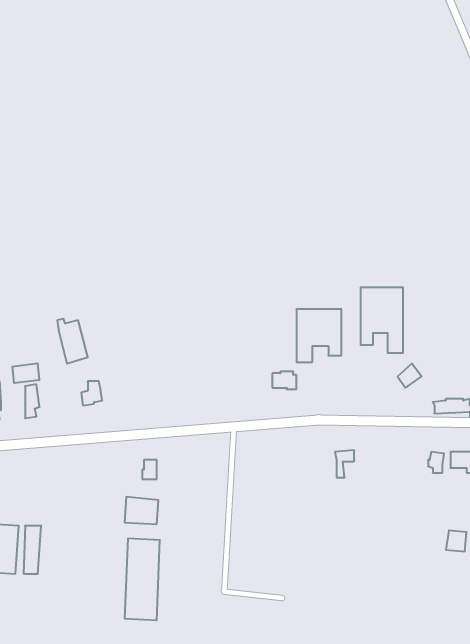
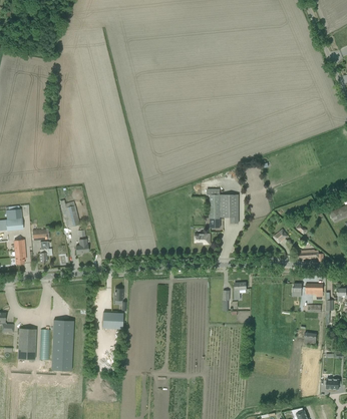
building: [361,287,403,353] -> none
building: [125,538,160,620] -> [51,320,73,371]

